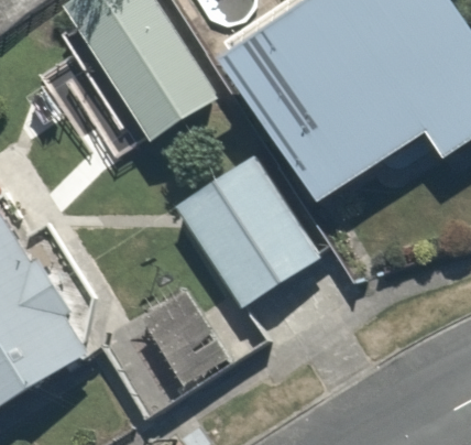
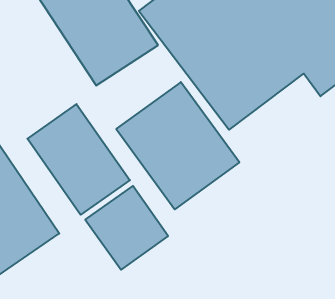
building: none -> [27,104,130,215]

